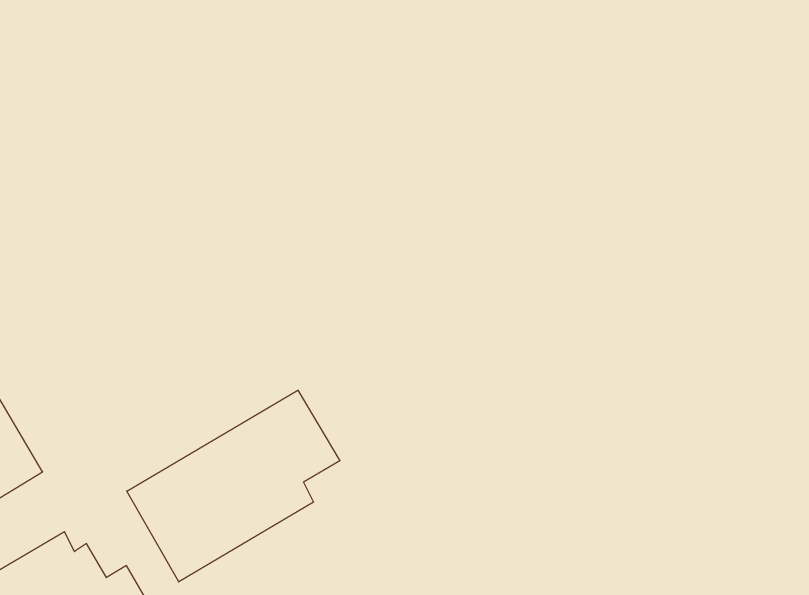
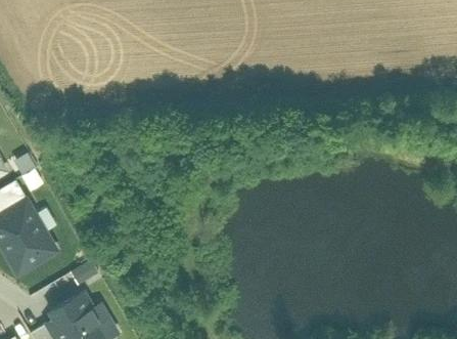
building: [127,390,340,582] -> none

